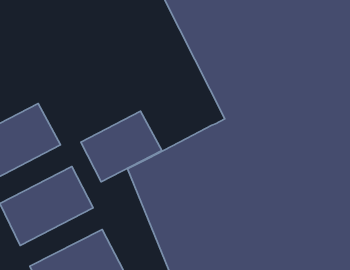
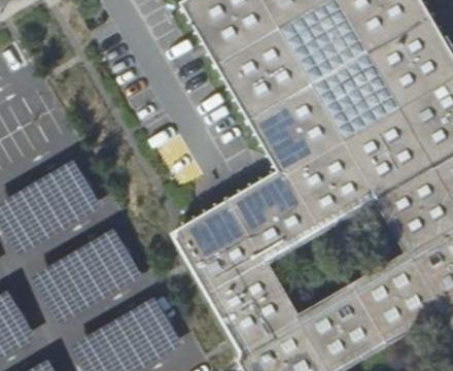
building: [81,111,162,182] -> none

